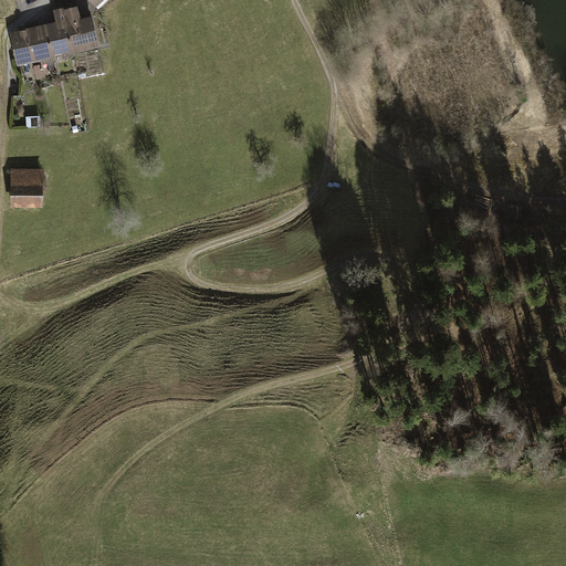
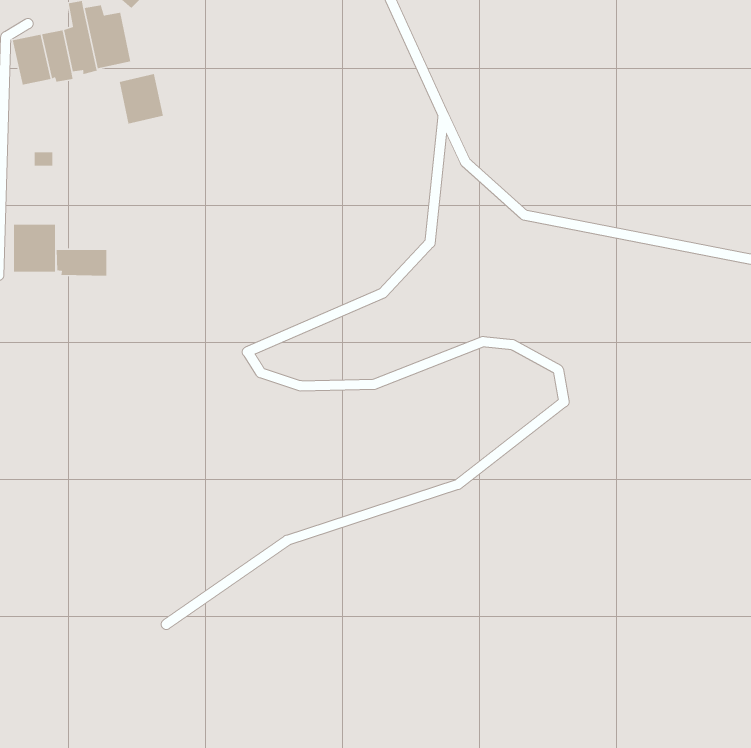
building: none -> [119,73,164,125]
building: none -> [56,249,107,276]

